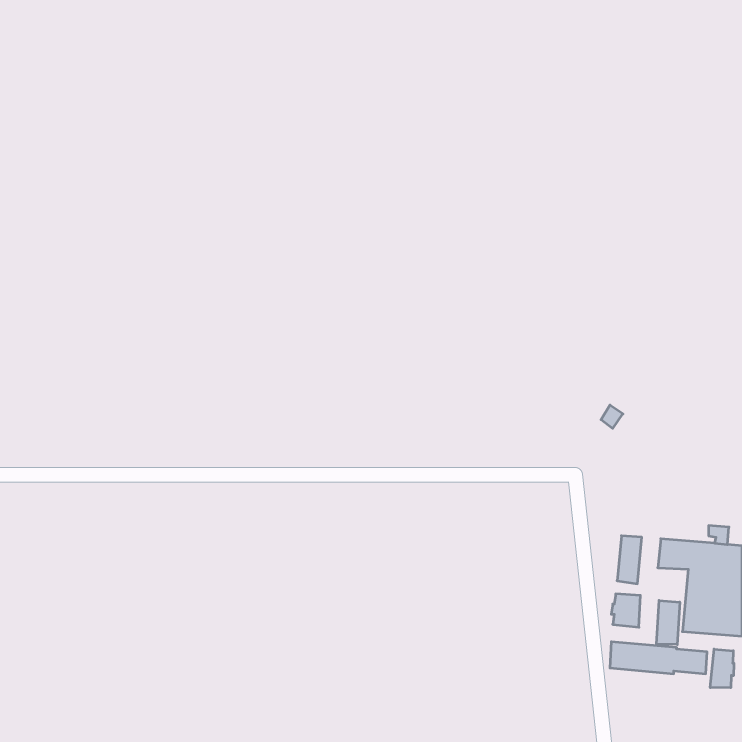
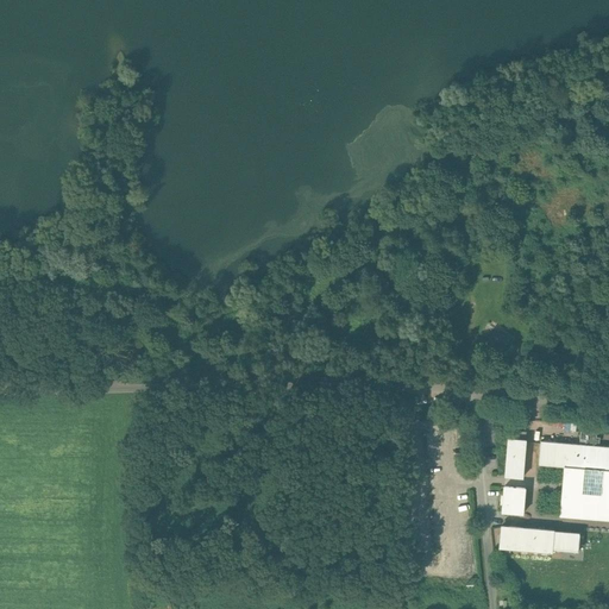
building: [657,600,680,645] -> none
building: [710,649,734,688] -> none

